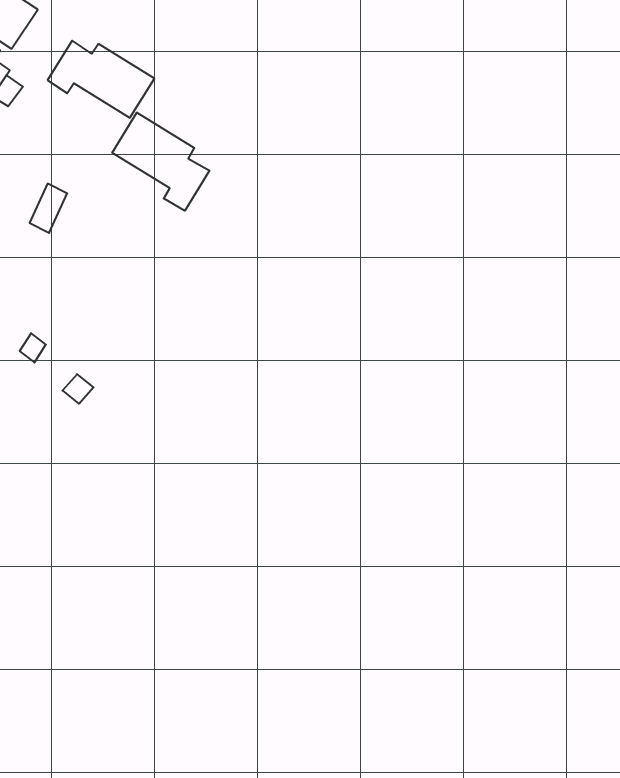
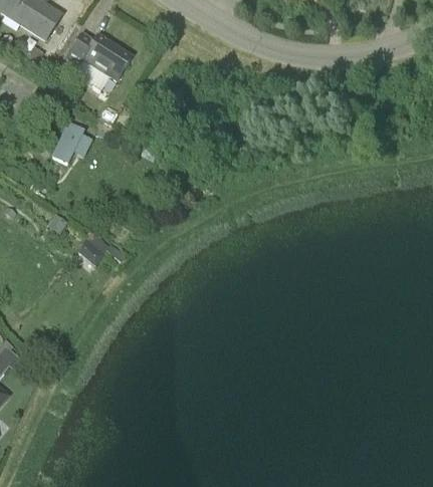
building: [112,112,209,211] -> none

